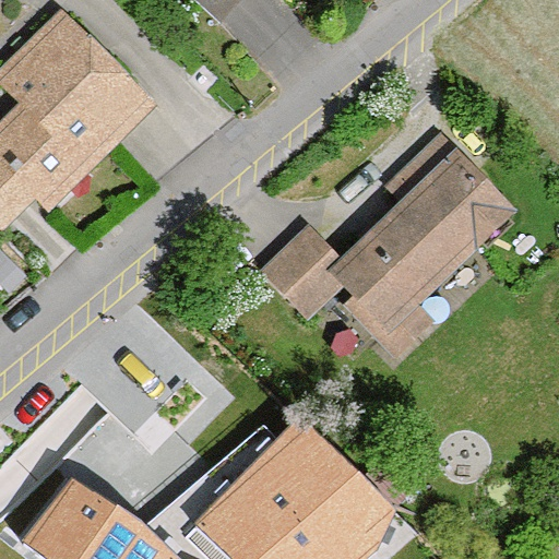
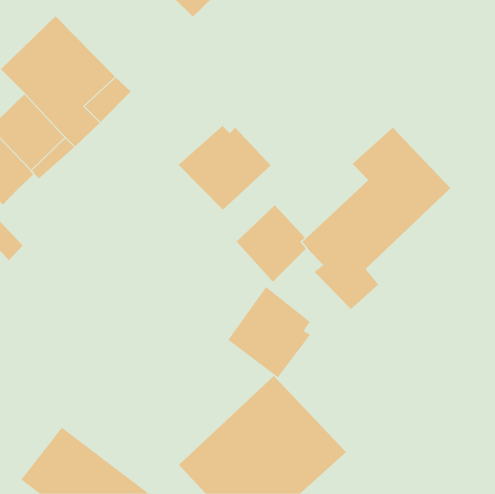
building: none -> [178,125,271,211]
building: none -> [227,286,311,378]

